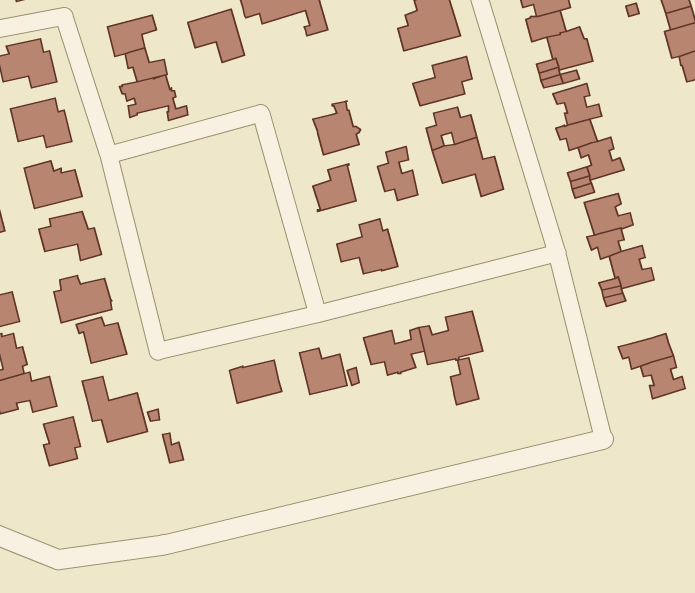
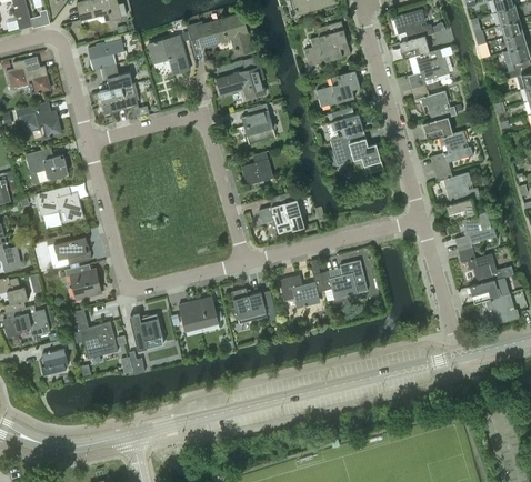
building: none -> [217,56,264,98]
building: [378,146,418,200] -> none
building: none -> [467,253,514,284]
building: [450,358,479,405] -> none
building: none -> [130,313,164,350]

